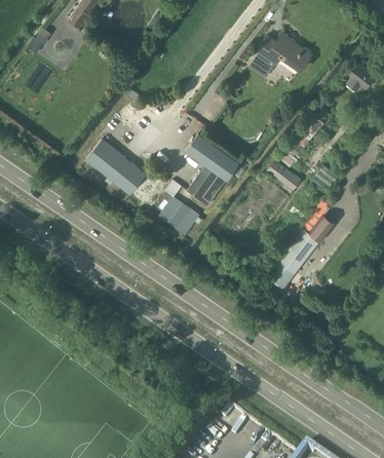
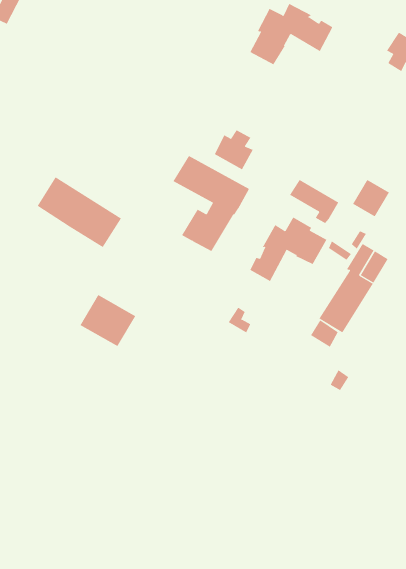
building: none -> [214,129,253,170]
building: none -> [249,216,327,282]
building: [157,195,198,234] -> [79,294,136,347]

